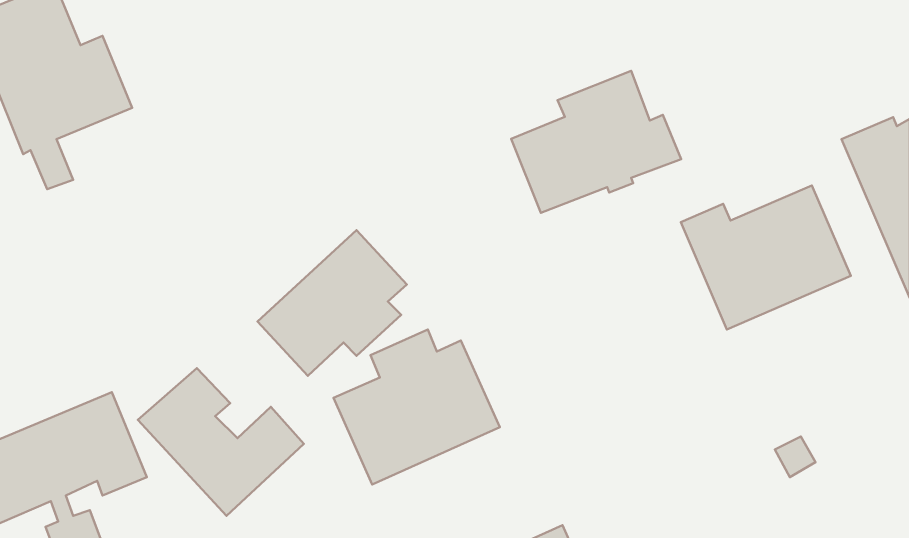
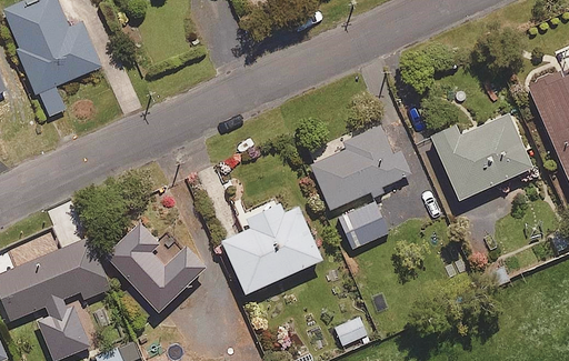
building: [511,71,681,213] -> [310,123,412,209]
building: [257,230,407,376] -> none
building: none -> [338,200,390,249]

